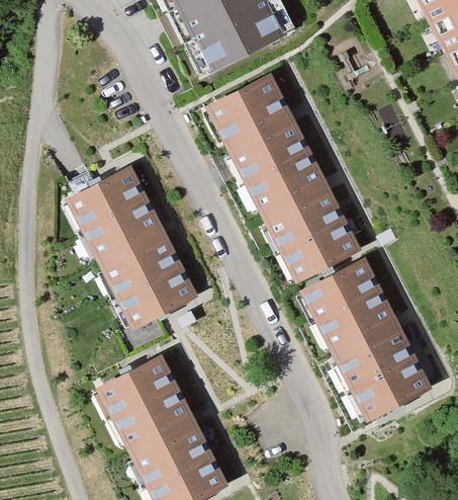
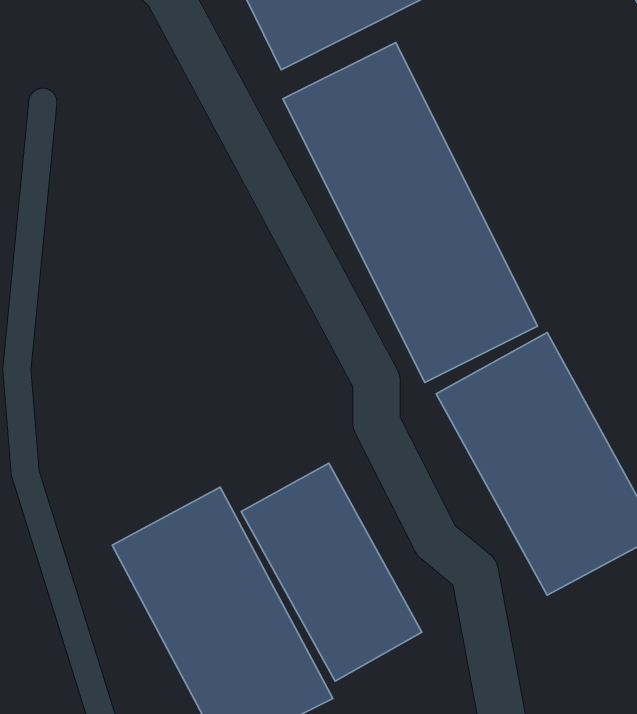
building: [62,164,197,331] -> none
building: none -> [241,463,422,681]

